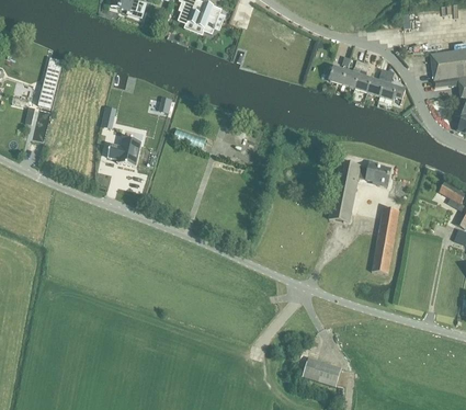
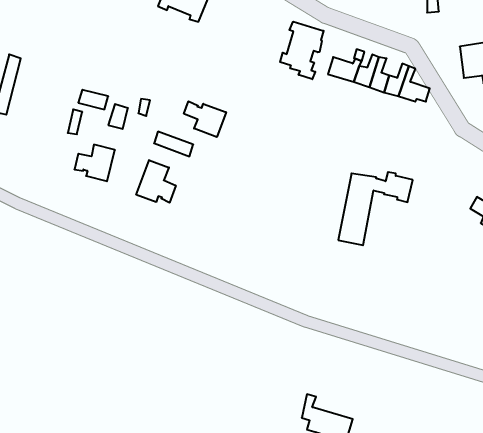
building: none -> [280,22,324,79]
building: none -> [184,101,226,137]
building: none -> [136,160,176,203]
building: [373,207,399,272] -> none

